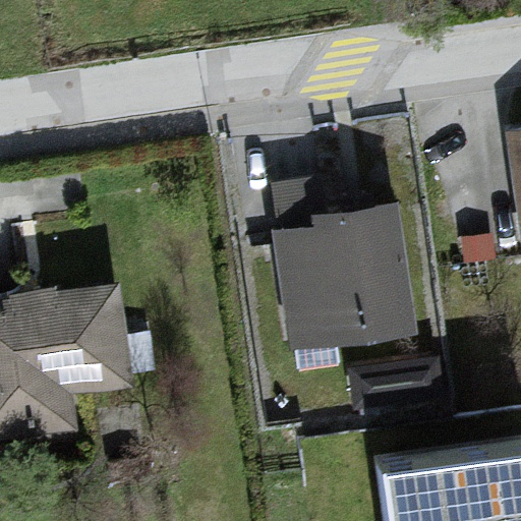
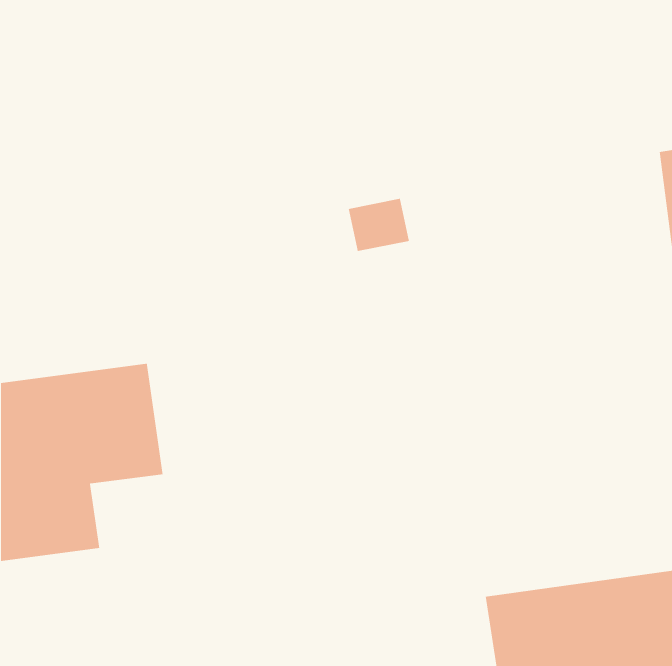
building: [276,207,409,345] -> none

